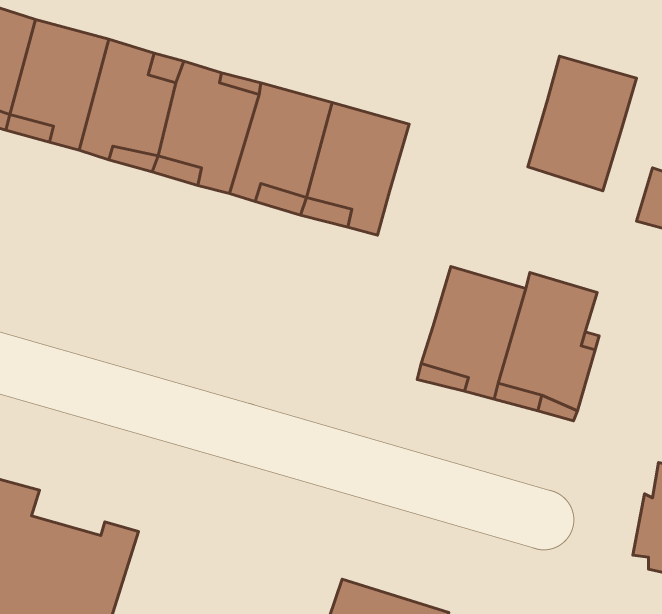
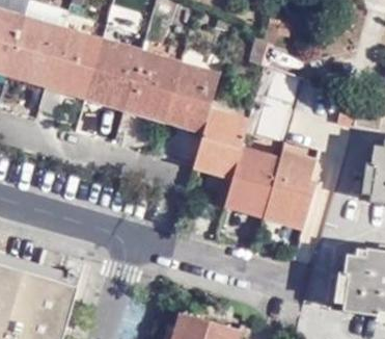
building: [528,56,637,191] -> [191,108,248,179]

